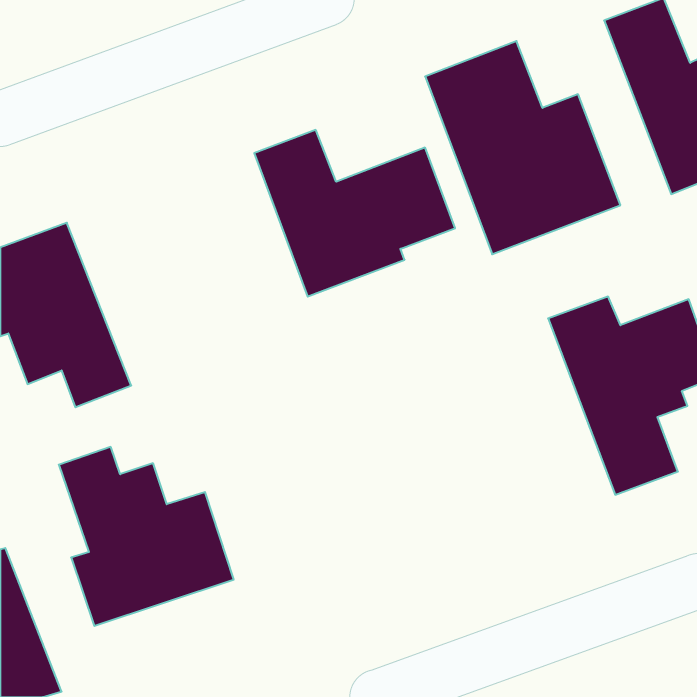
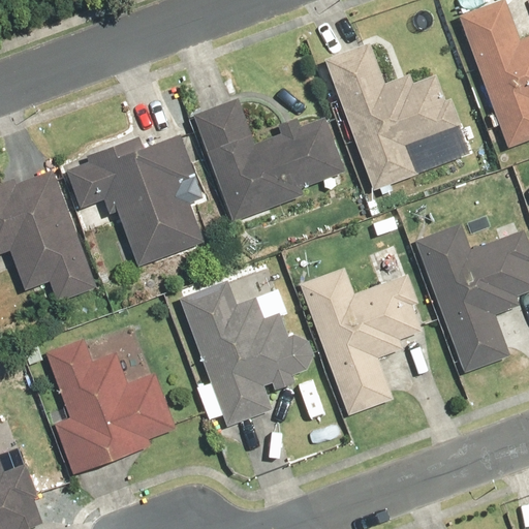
building: none -> [65,131,205,267]
building: none -> [300,267,433,416]
building: none -> [178,269,315,429]

